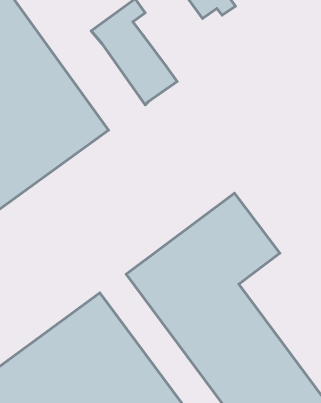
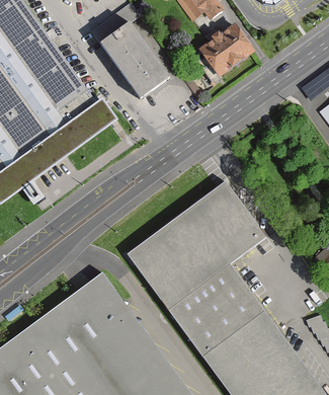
building: none -> [194,25,254,81]

